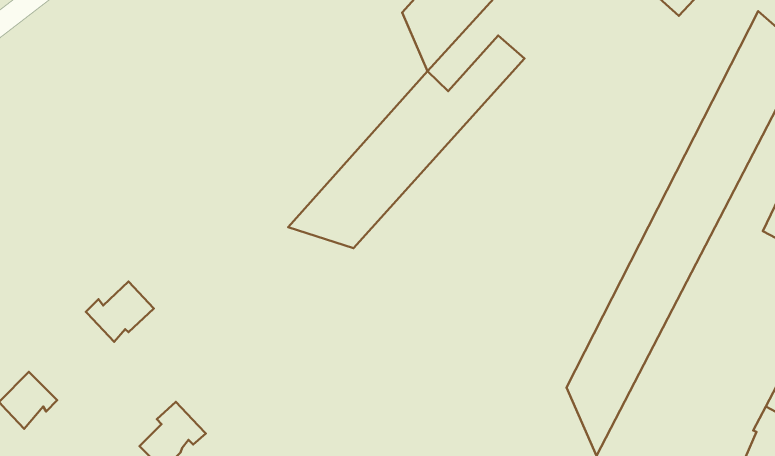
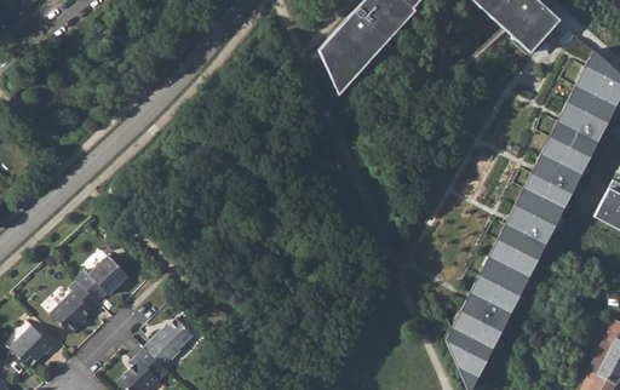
building: [288,36,525,248] -> none
building: none -> [51,280,99,334]
building: none -> [147,319,195,366]

